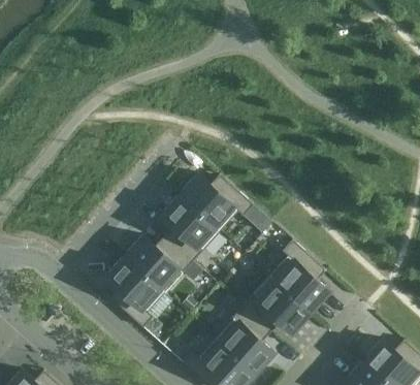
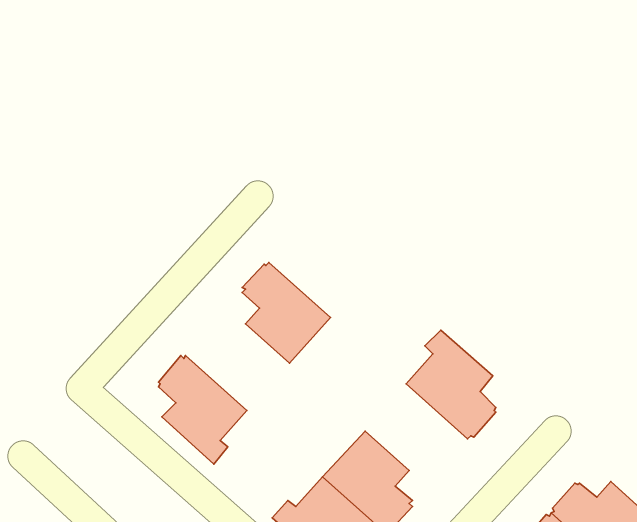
building: [177,175,252,233] -> none
building: [123,237,191,294] -> none
building: [240,277,308,333] -> none

